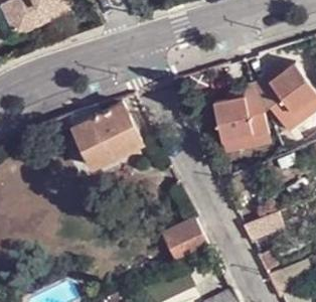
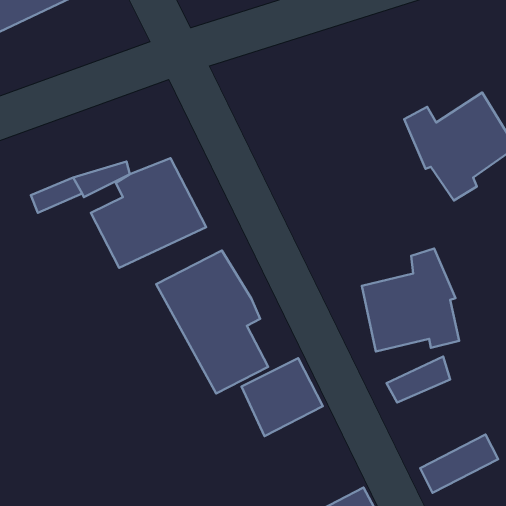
building: [213,79,269,137] -> [362,249,459,351]
building: none -> [156,250,268,393]

